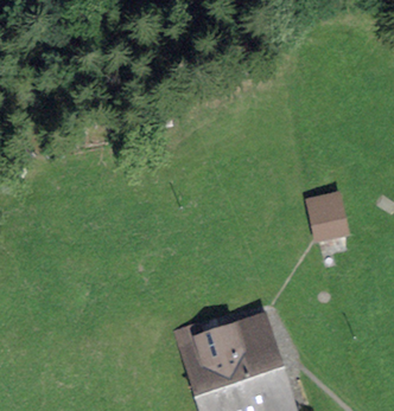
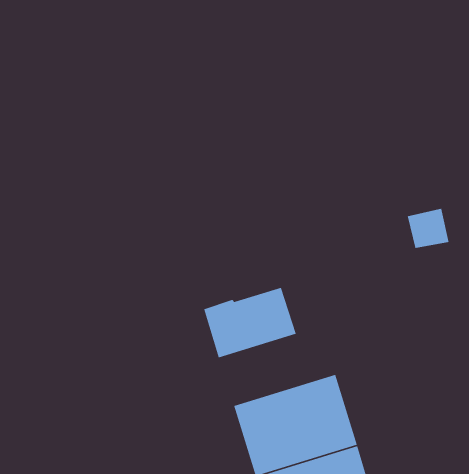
building: none -> [203,287,297,358]

